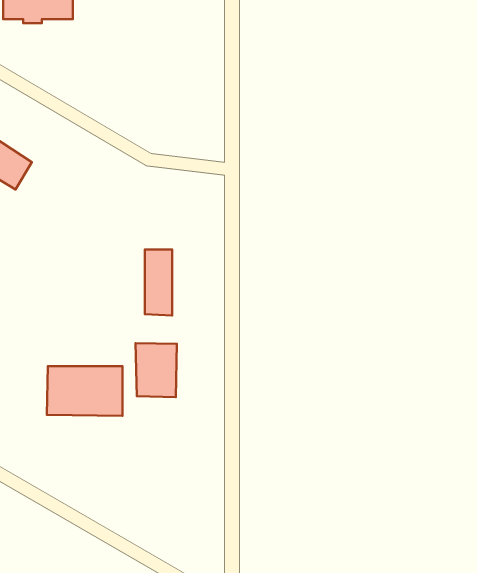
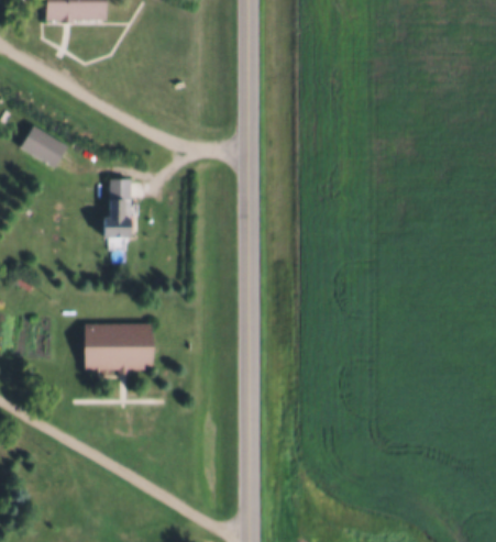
building: [145,250,172,316] -> [108,180,132,239]
building: [136,343,177,397] -> none

